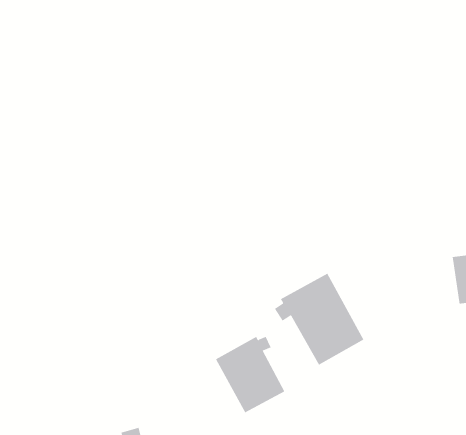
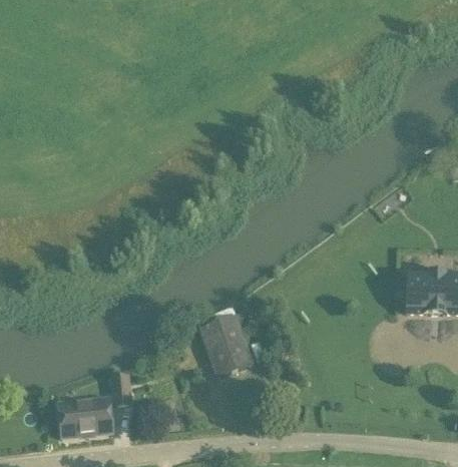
building: [274,273,364,366] -> none

